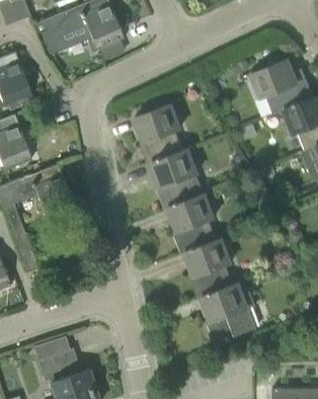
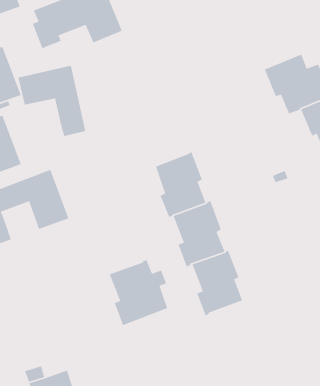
building: none -> [17,65,86,137]
building: [136,103,183,164] -> none
building: [203,283,256,343] -> [109,260,168,326]

